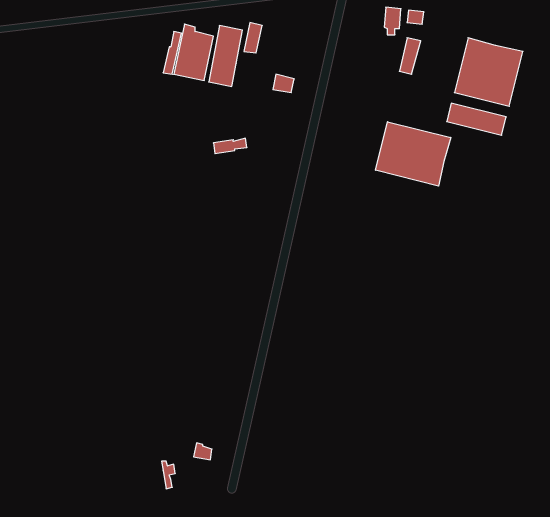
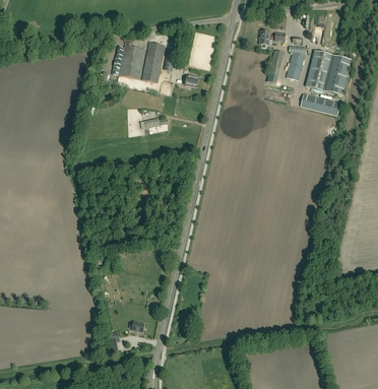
building: none -> [287,47,305,80]
building: [376,122,451,186] -> none

